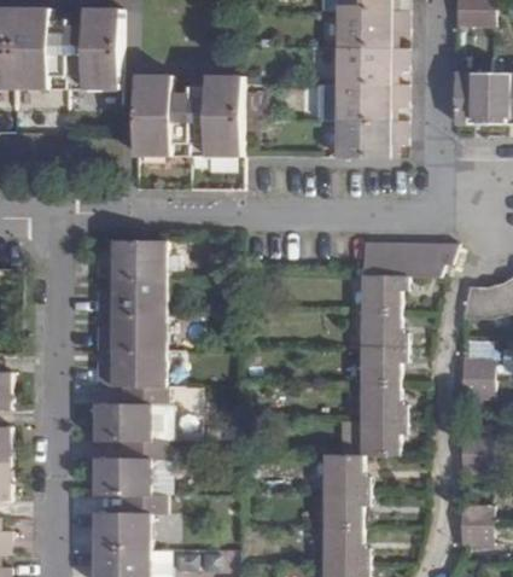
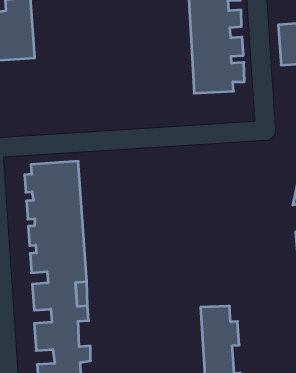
building: [133,75,241,161] -> none
building: [360,243,448,454] -> none

